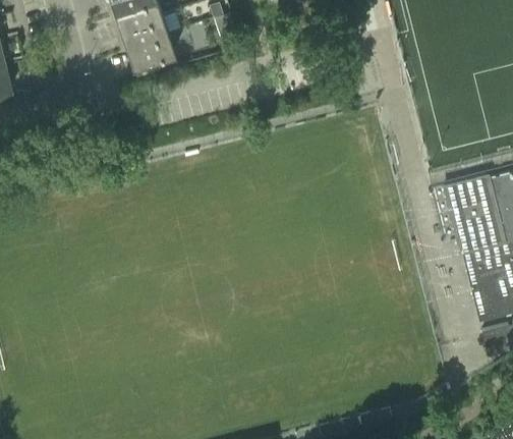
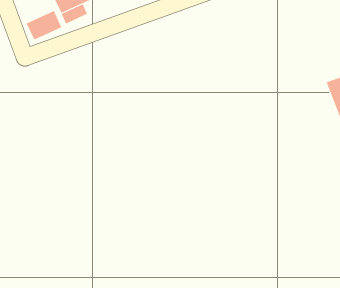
building: none -> [26,10,62,40]

